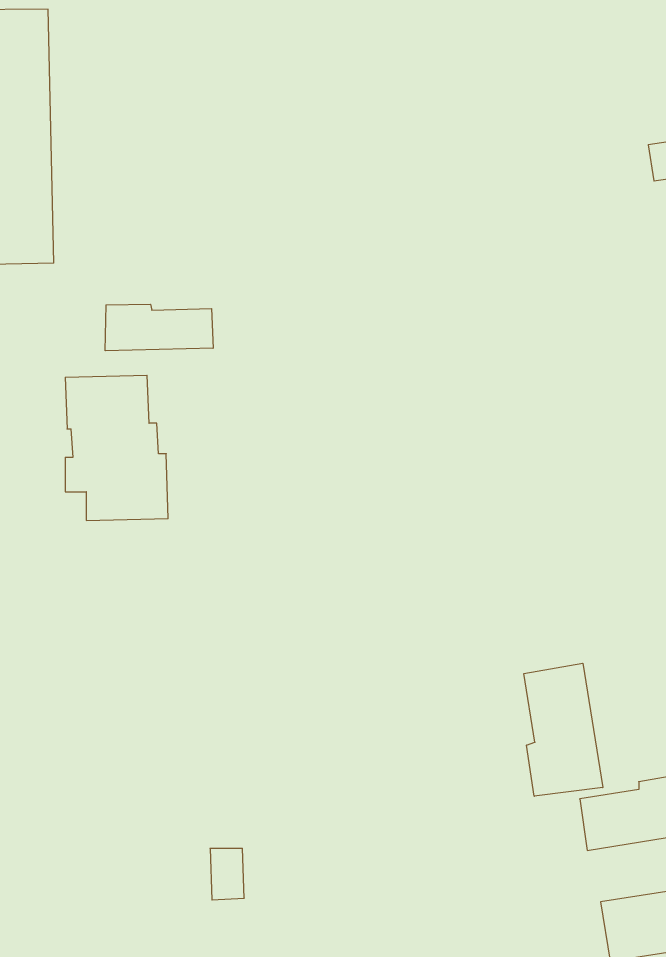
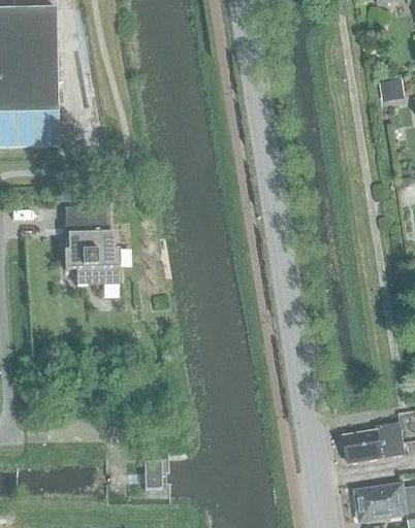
building: [105,304,213,351] -> none
building: [524,663,603,796] -> none

